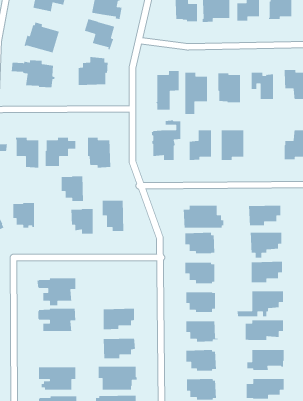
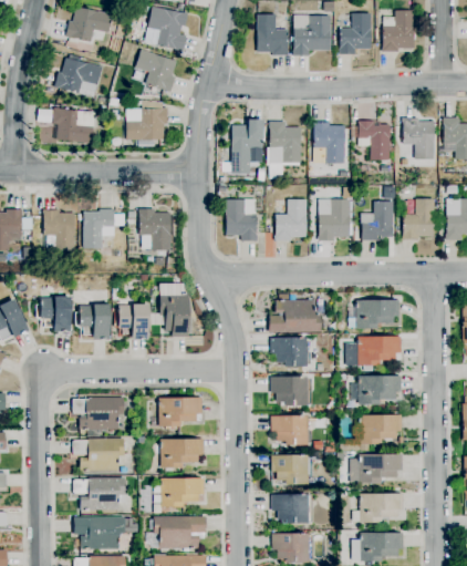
building: none -> [361,202,394,240]
building: [61,175,84,202] -> [79,305,110,340]
building: none -> [152,398,203,426]
building: none -> [73,477,125,511]

